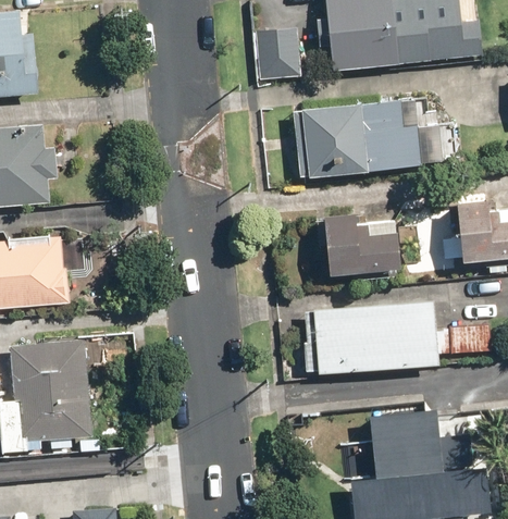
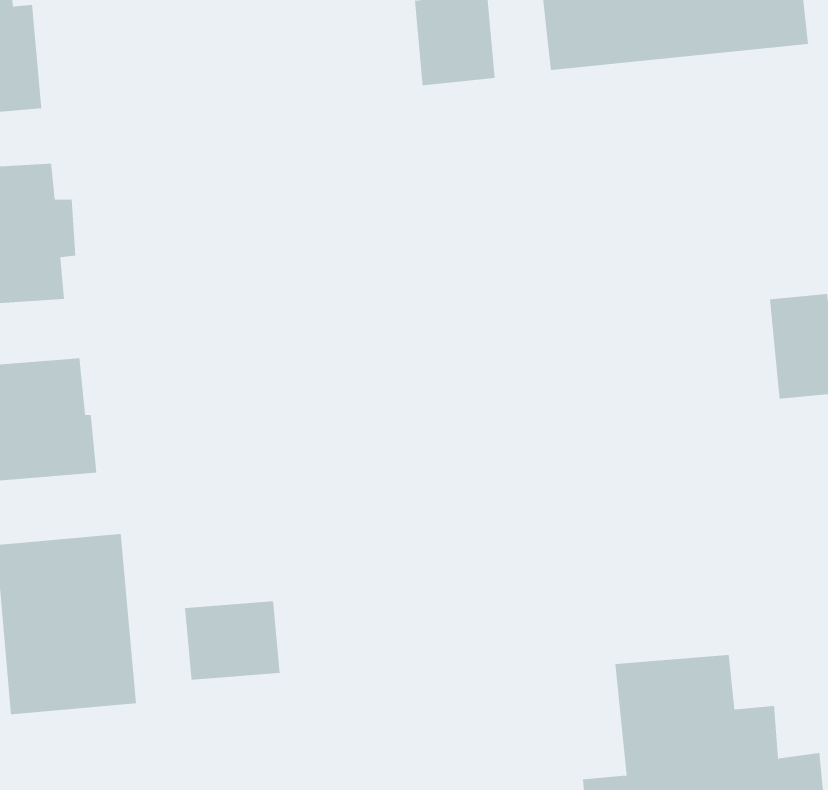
building: [302,101,420,177] -> none
building: [324,212,401,275] -> none
building: [314,304,486,372] -> none
building: none -> [185,600,280,681]

